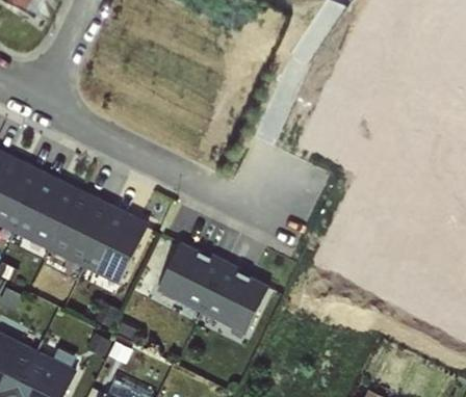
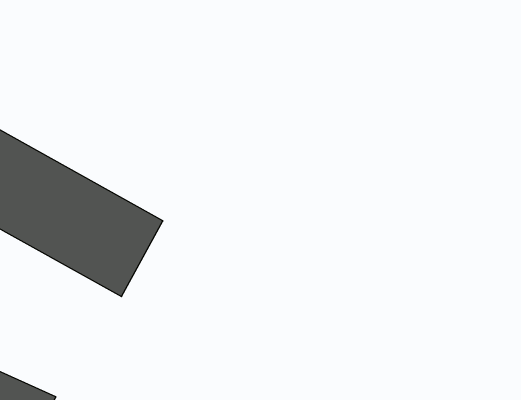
building: [155,242,268,333] -> none

